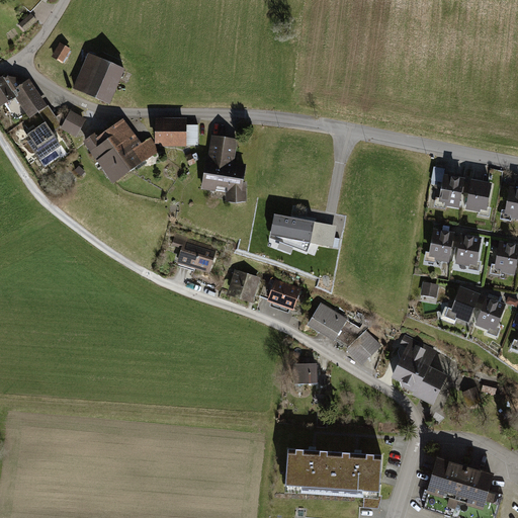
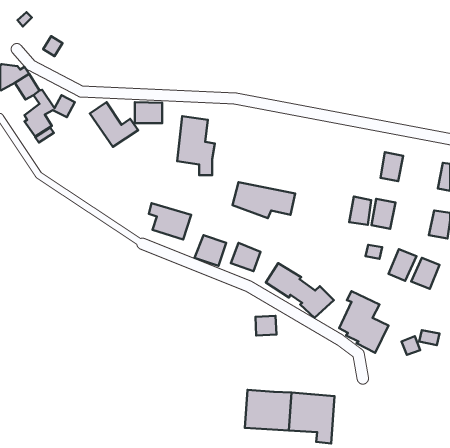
building: [74,51,123,100] -> none
building: [84,131,130,180] -> none
building: [465,180,491,213] -> none
building: [455,234,481,266] -> [349,197,371,225]
building: [428,456,495,506] -> none

